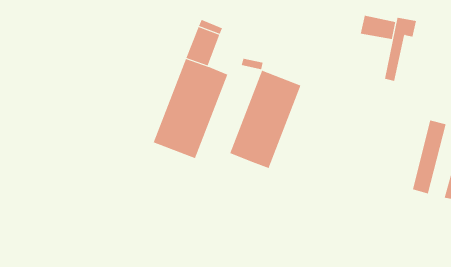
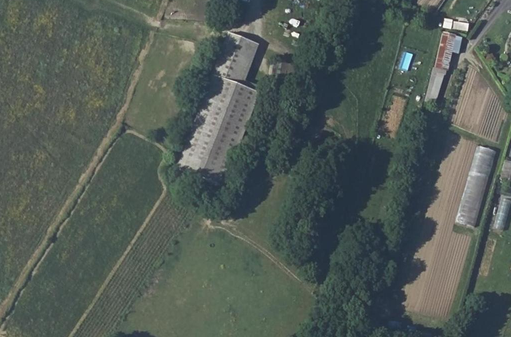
building: [360,15,396,40] -> none
building: [229,70,301,169] -> none

